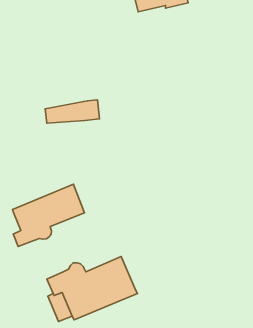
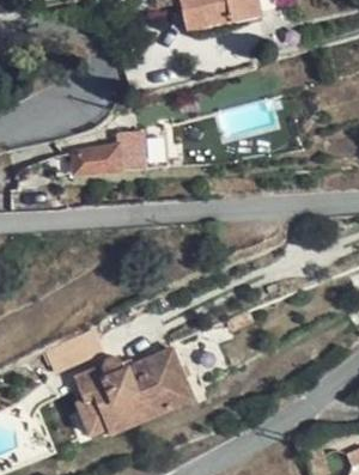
building: [13,184,85,247] -> none

